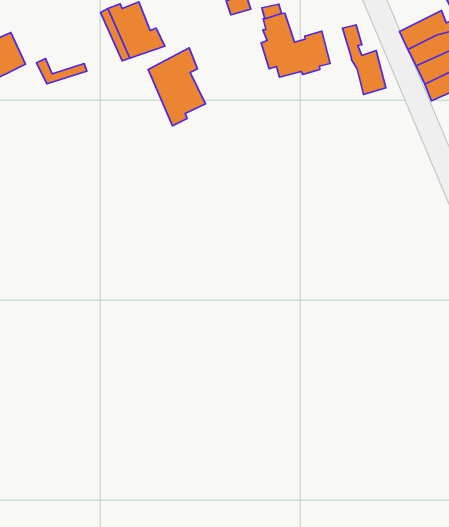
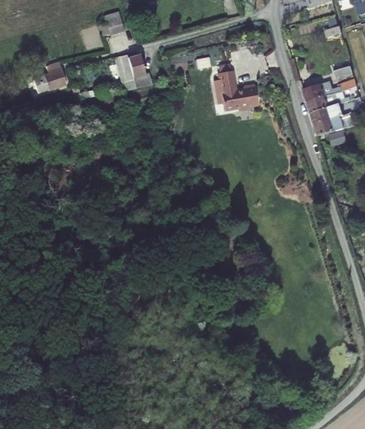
building: [342,25,386,94] -> none
building: [148,48,206,126] -> none

